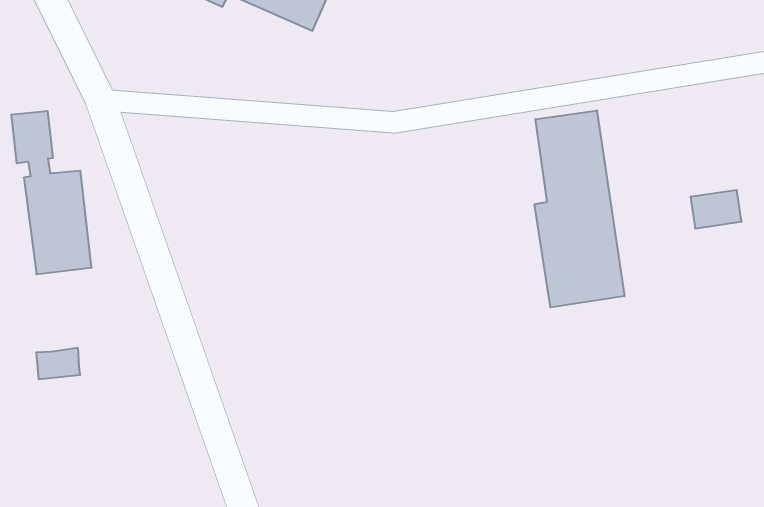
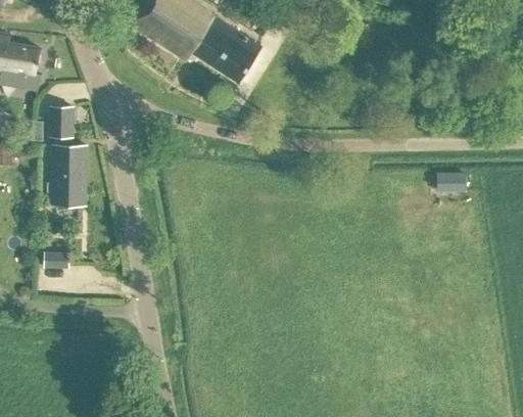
building: [534,110,625,307] -> none
building: [690,190,742,229] -> [436,171,465,190]

